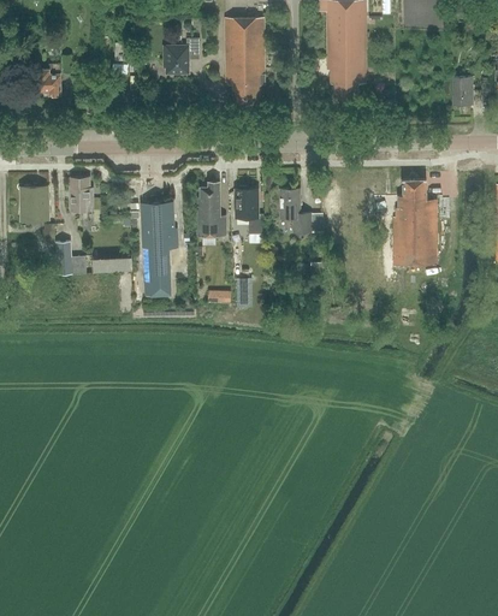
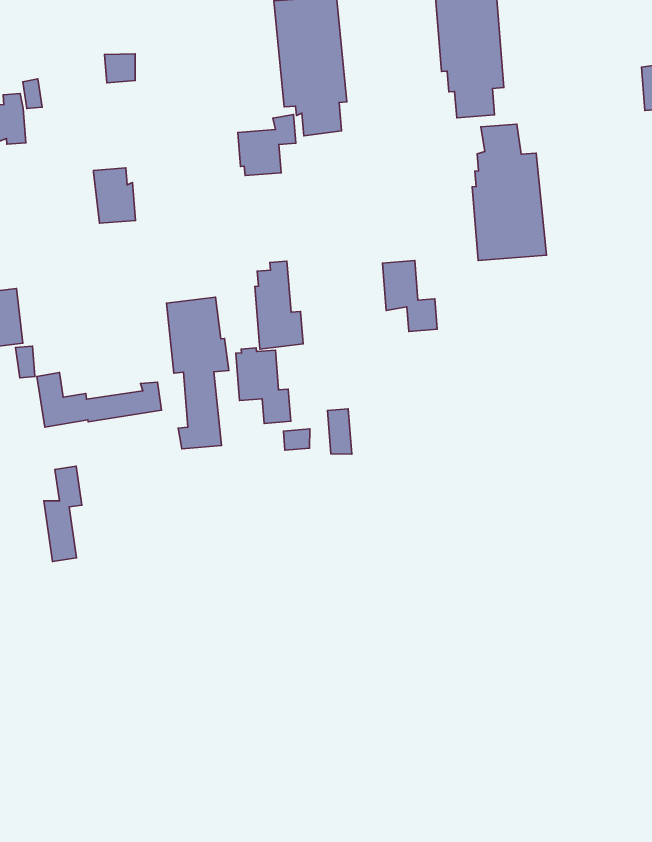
building: [162,38,198,75] -> [238,115,296,176]
building: [69,178,93,212] -> [94,168,136,223]
building: [393,179,437,263] -> [472,124,546,261]
building: [233,186,265,235] -> [236,348,291,423]
building: none -> [44,466,82,561]

